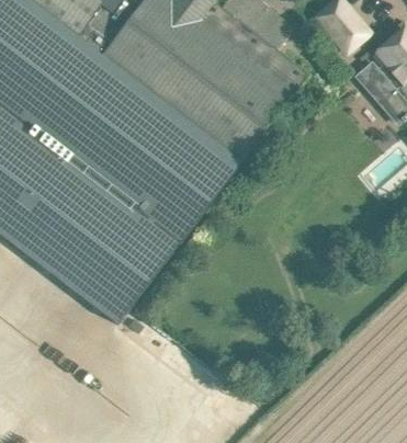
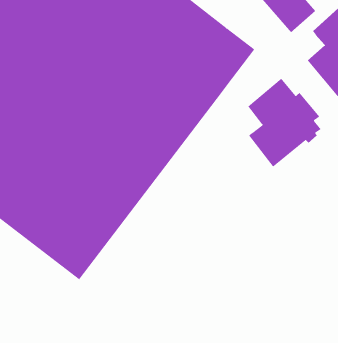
building: none -> [247,78,321,167]

